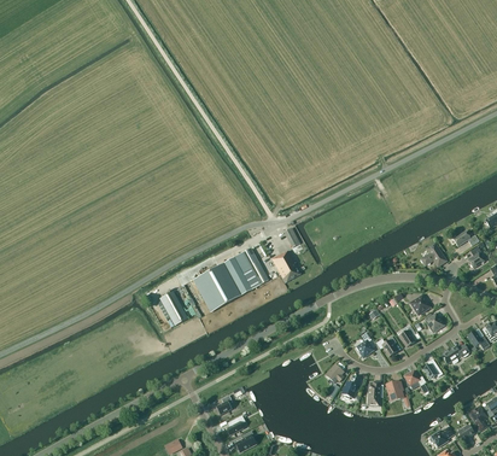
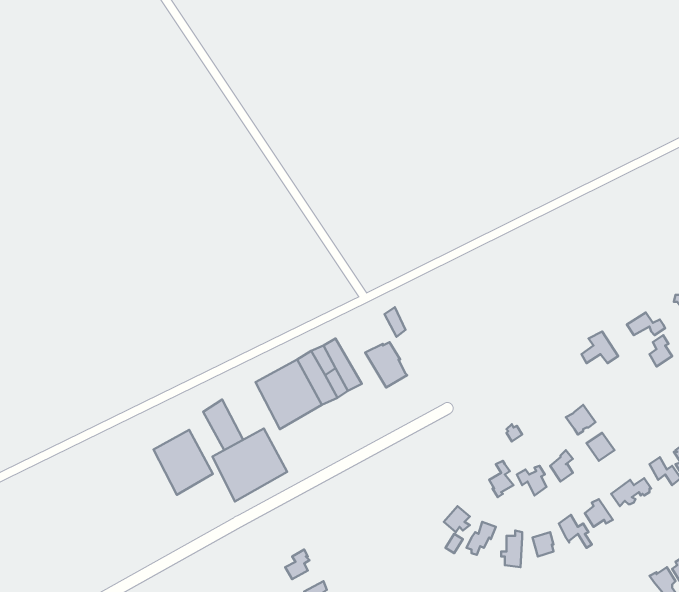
building: none -> [213,429,287,501]
building: none -> [153,430,213,495]

